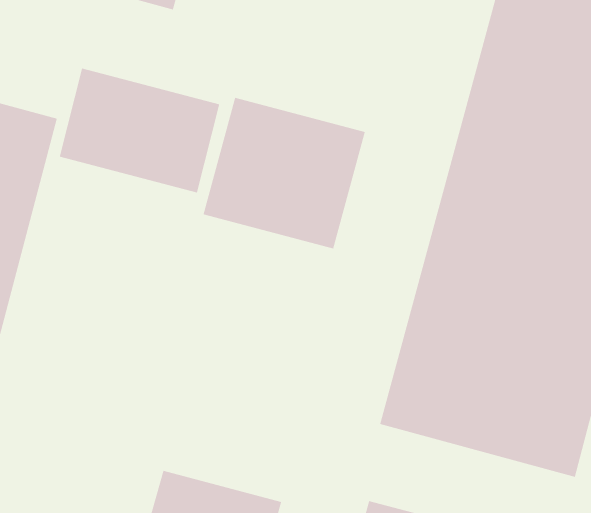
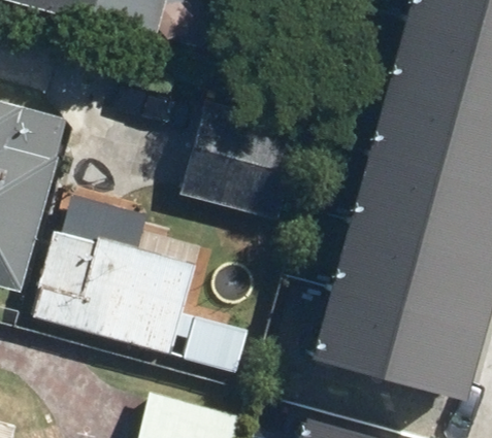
building: [59,67,220,193] -> none
building: none -> [29,229,195,353]

